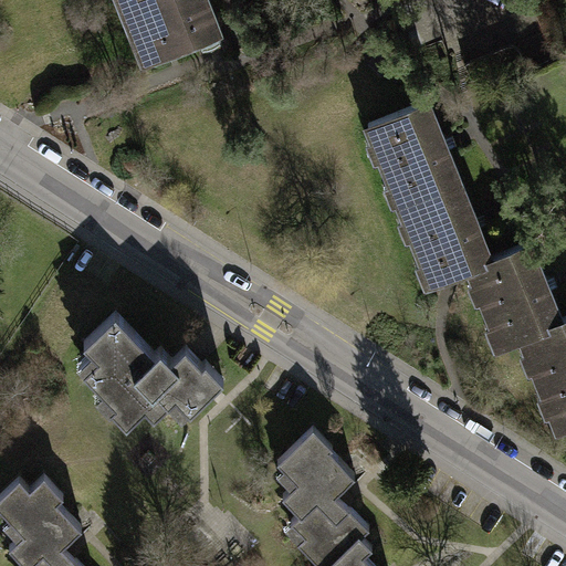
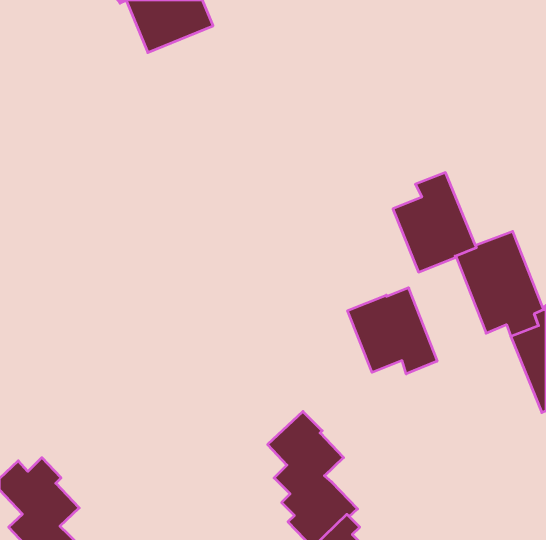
building: [368,106,460,223] -> none
building: none -> [348,288,437,374]
building: [83,317,223,429] -> none

